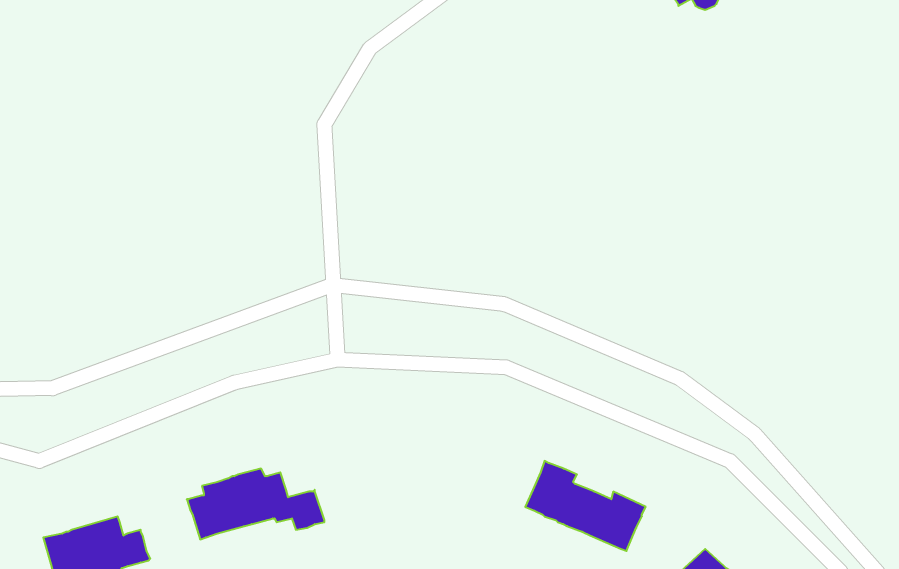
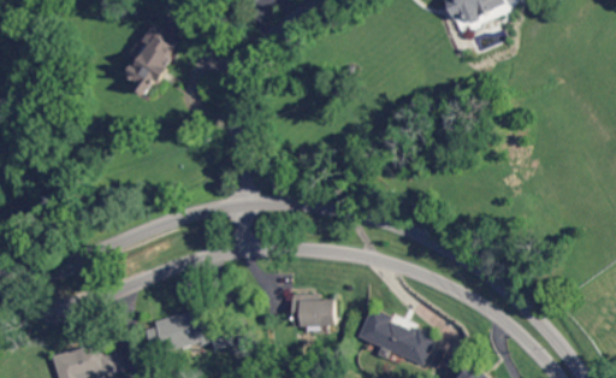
building: none -> [124,23,176,94]
building: none -> [289,296,332,330]

